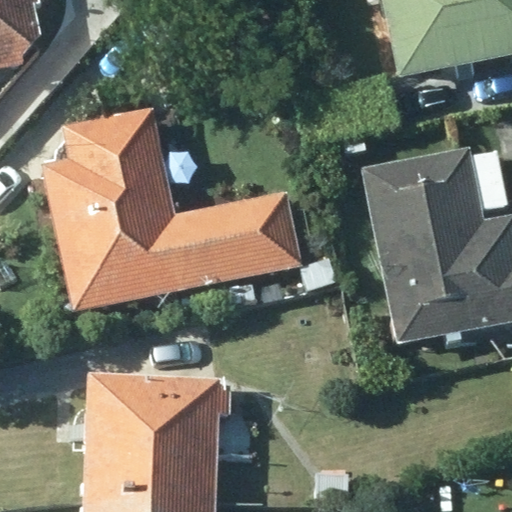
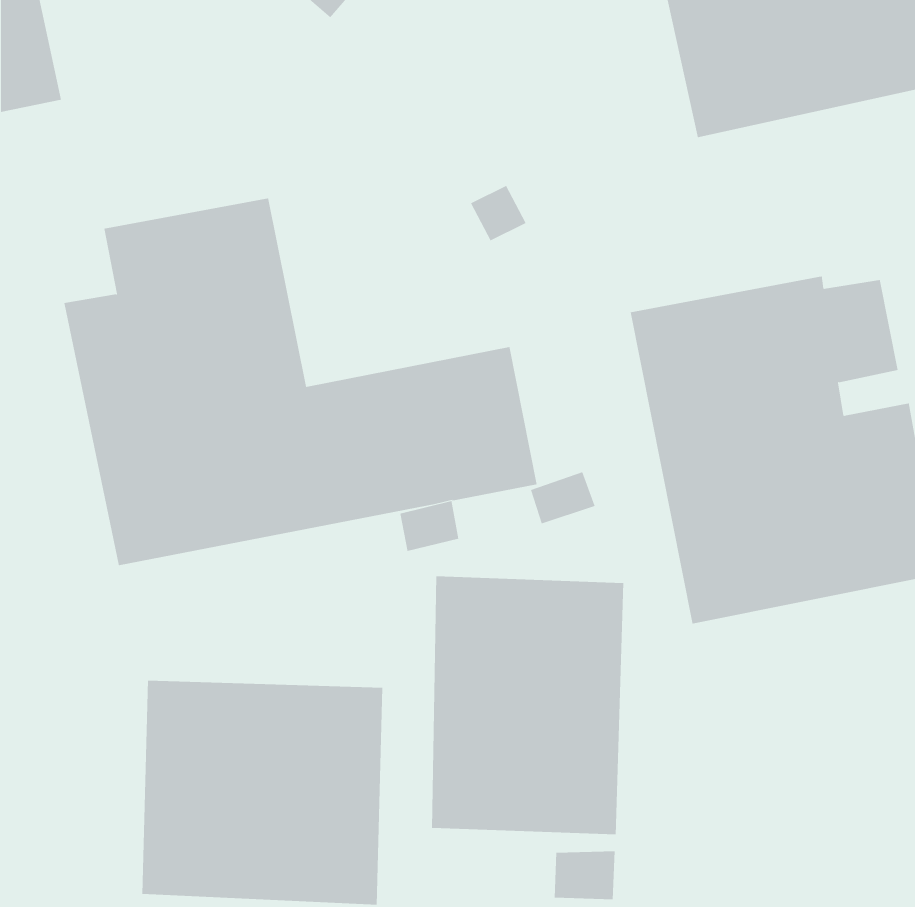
building: none -> [431,575,624,835]

